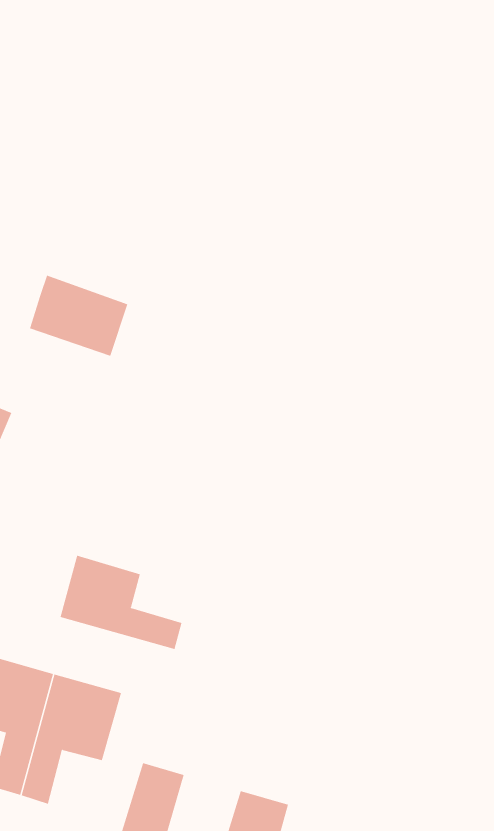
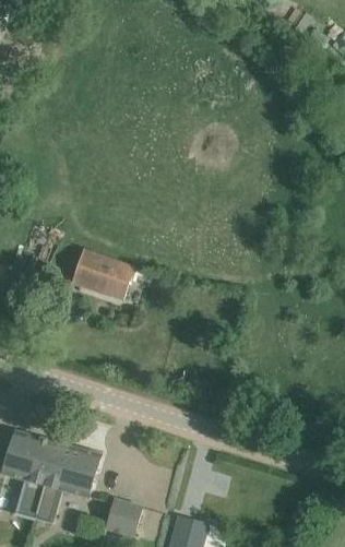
building: [29,275,128,356] -> [70,246,132,297]
building: [60,555,182,650] -> none

